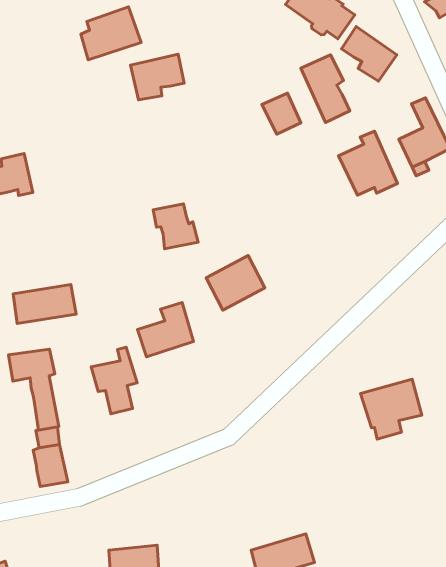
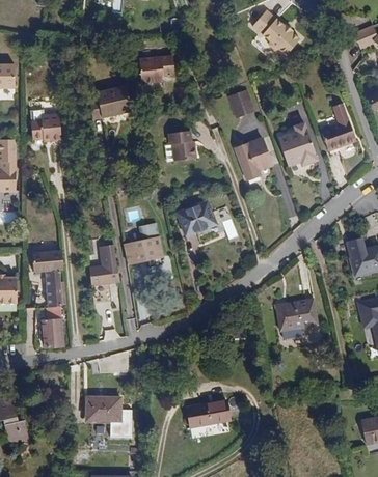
building: [81,7,141,60] -> [89,85,131,119]
building: [341,27,397,81] -> none
building: [301,55,350,123] -> none
building: none -> [235,137,272,180]
building: [153,204,198,249] -> [167,130,196,160]
building: [13,285,76,324] -> none

